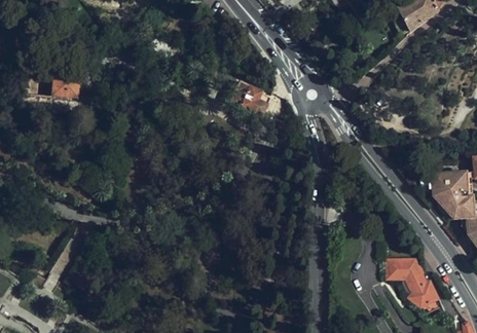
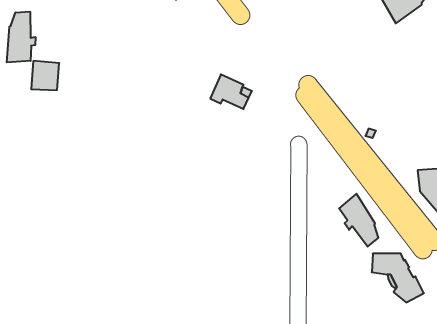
building: none -> [7,12,35,62]
building: none -> [339,194,378,247]

